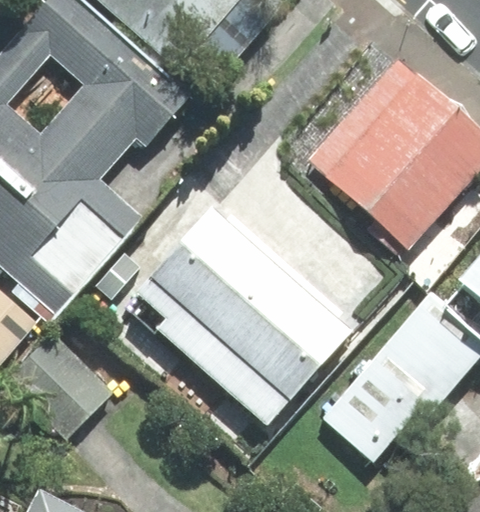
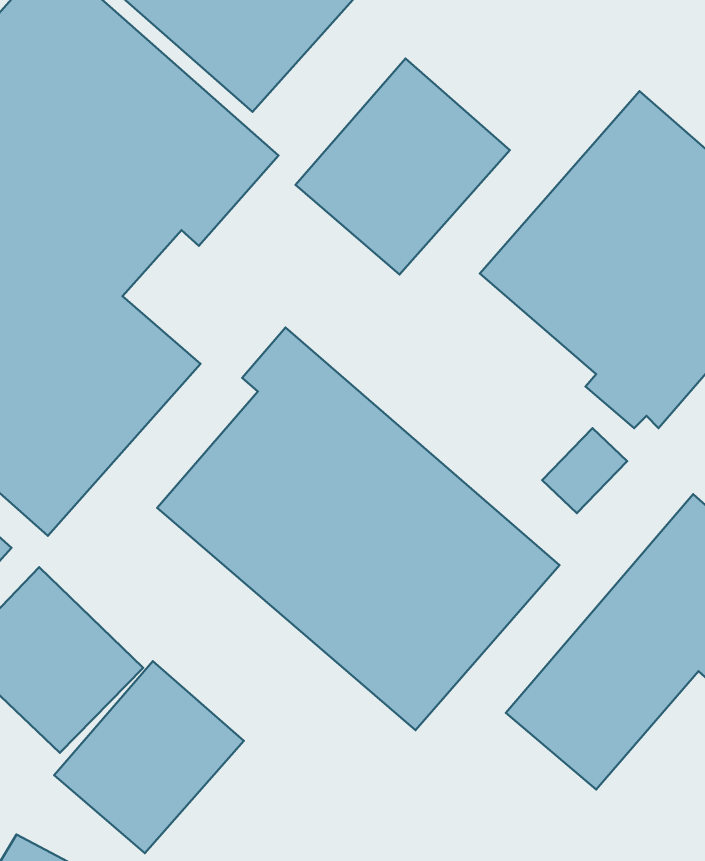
building: none -> [295,59,510,275]
building: none -> [54,661,244,853]

